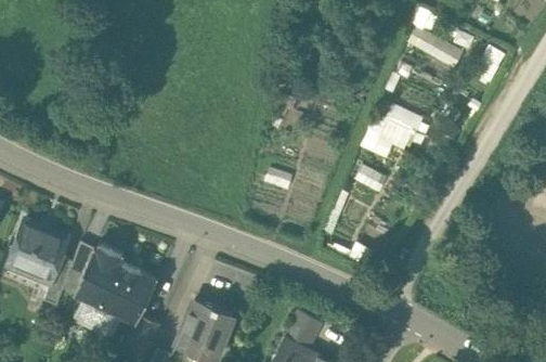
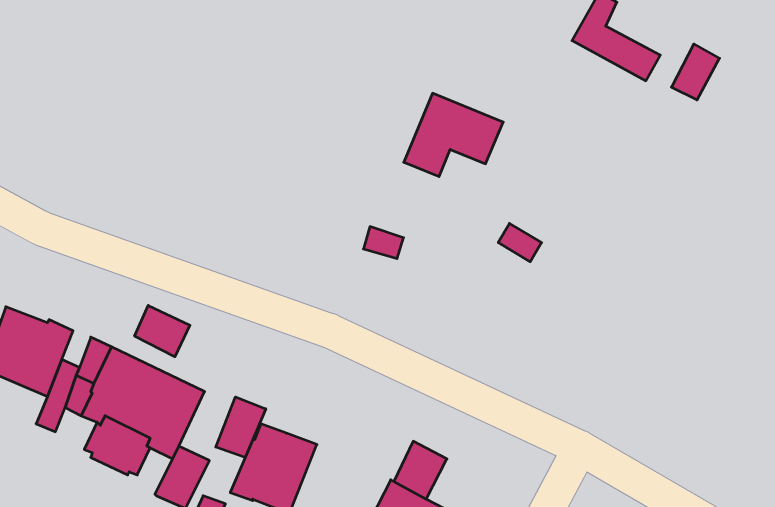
building: [363,101,430,157] -> [404,93,503,177]
building: none -> [135,305,190,357]
building: none -> [216,397,266,458]

